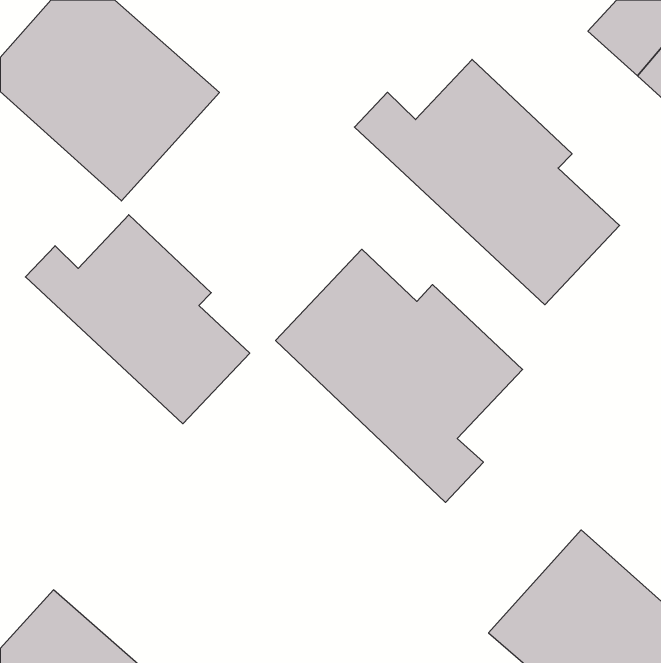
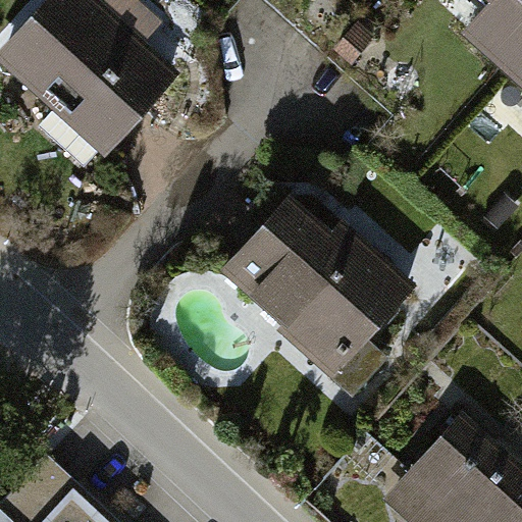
building: [354,59,620,305] -> none
building: [25,215,250,424] -> none

